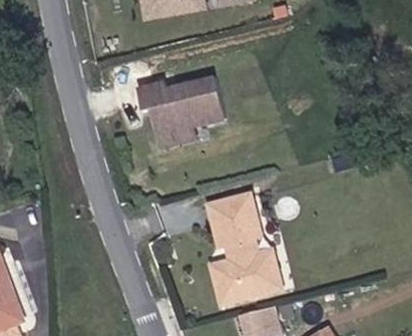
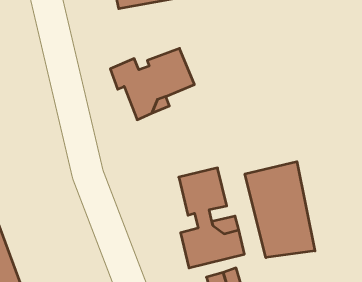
building: none -> [245,162,315,258]

